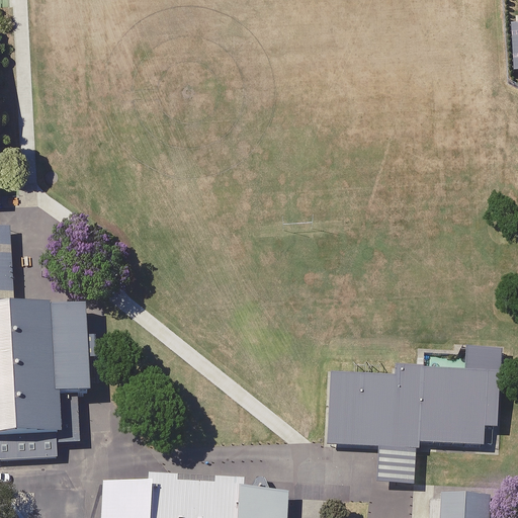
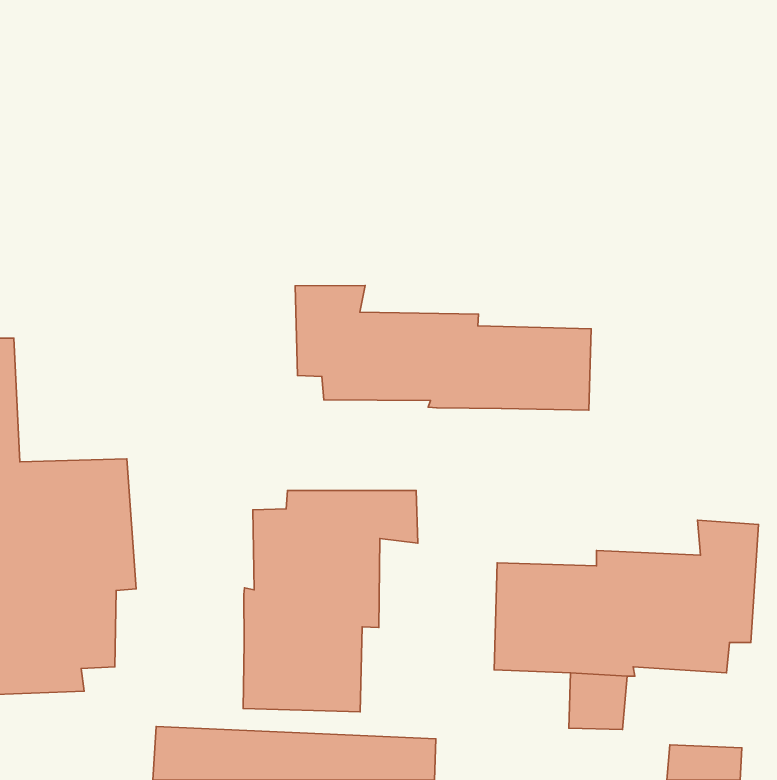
building: none -> [295,286,591,410]
building: none -> [243,491,418,712]

